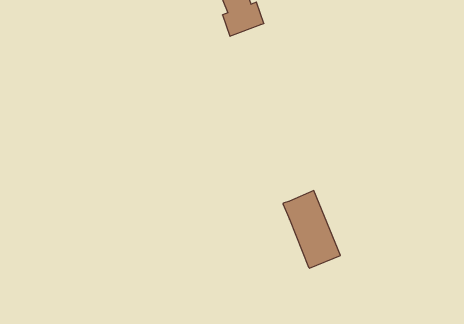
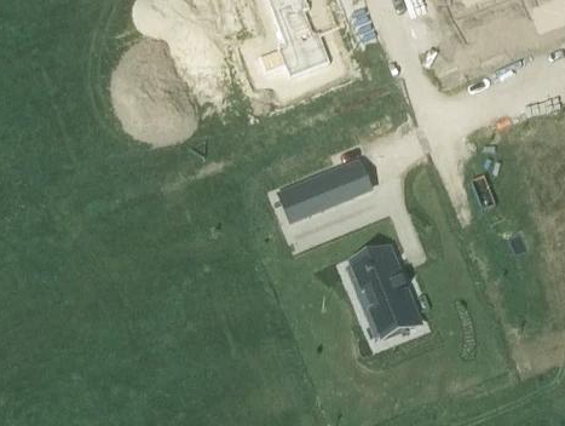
building: none -> [276,160,367,220]

